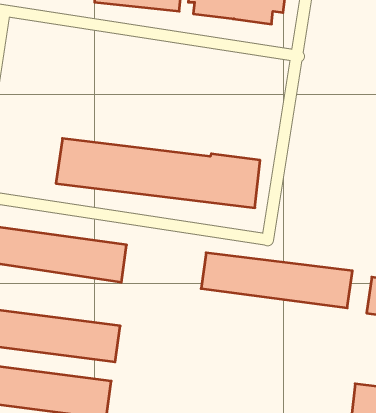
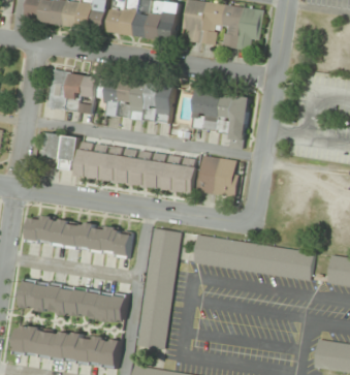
building: none -> [47,70,174,124]
building: none -> [191,89,250,136]
building: none -> [42,133,78,171]
building: none -> [134,226,181,351]

